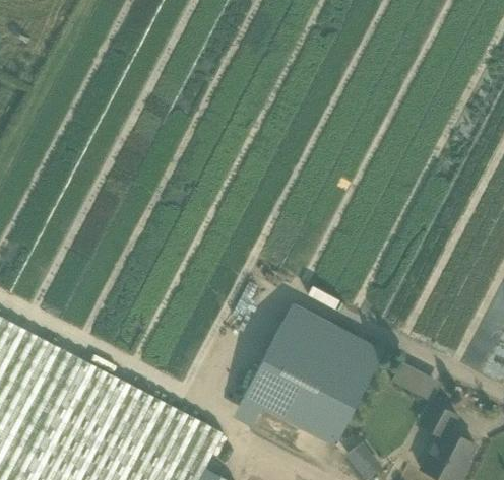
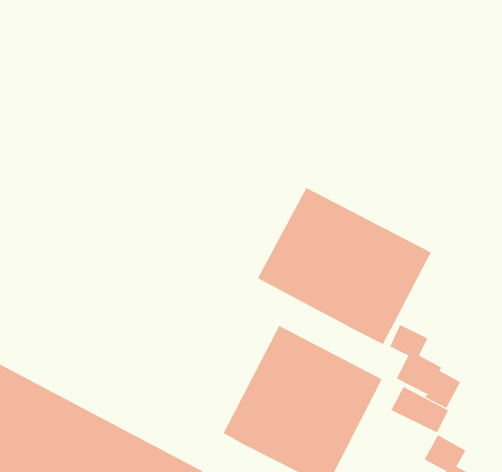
building: none -> [257,187,431,345]
building: none -> [389,324,461,409]

